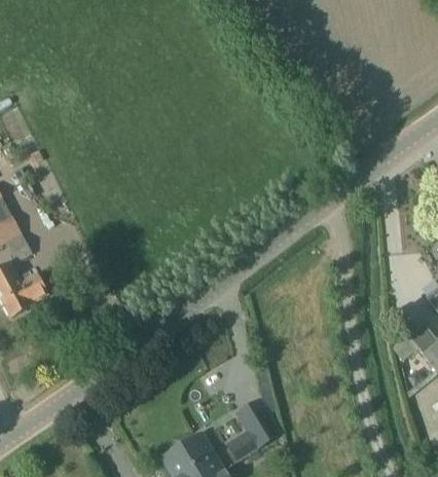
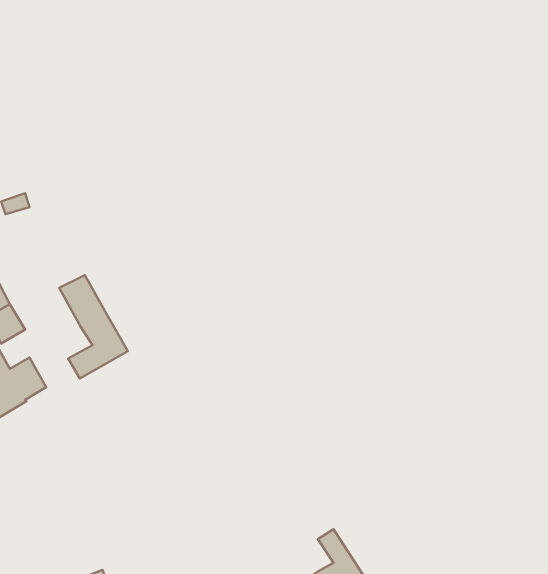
building: none -> [59,275,128,378]

